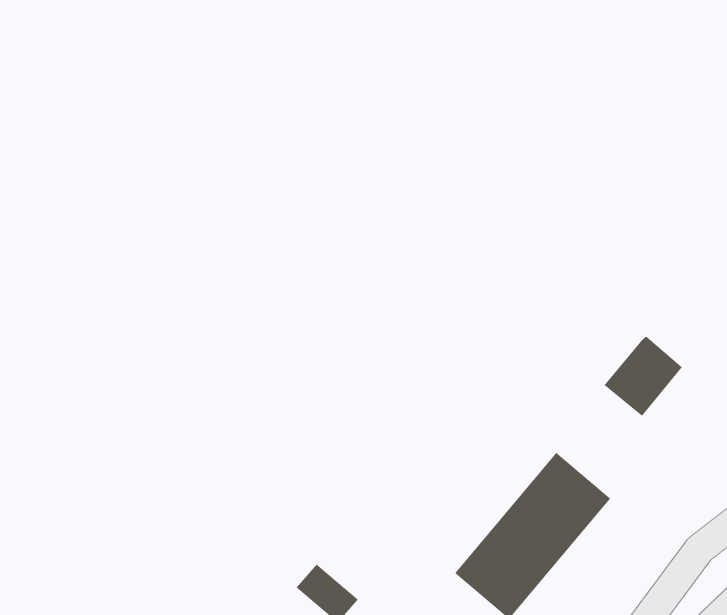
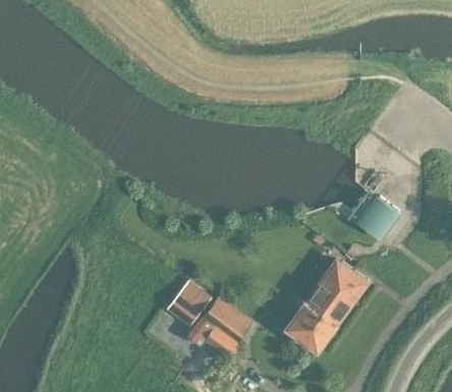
building: none -> [167,286,207,327]
building: none -> [204,296,252,342]

